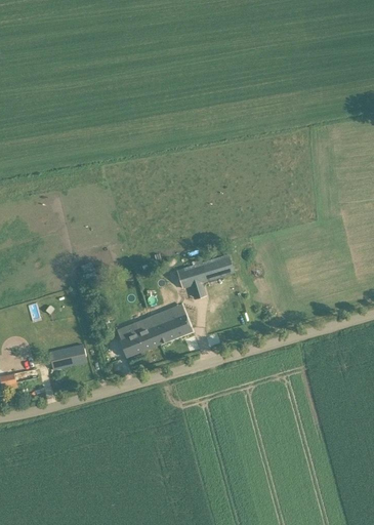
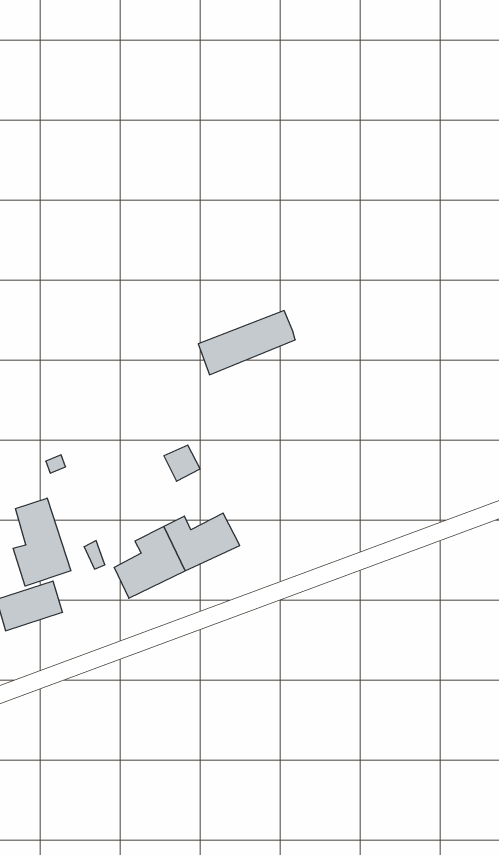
building: [176,254,233,288] -> [198,311,295,375]
building: none -> [13,498,71,586]

